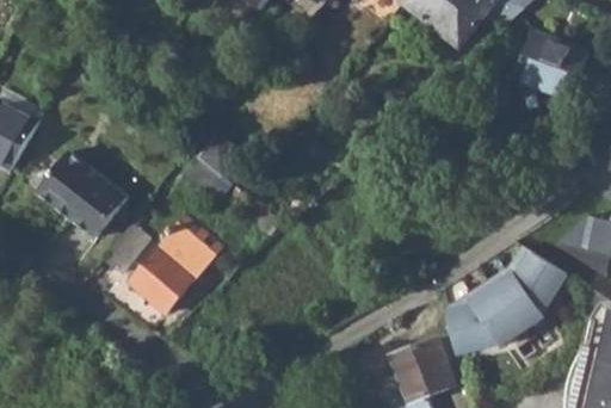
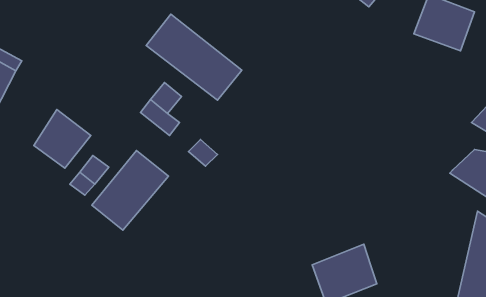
building: none -> [146,14,242,100]
building: [35,154,87,214] -> none
building: [442,242,564,358] -> none

